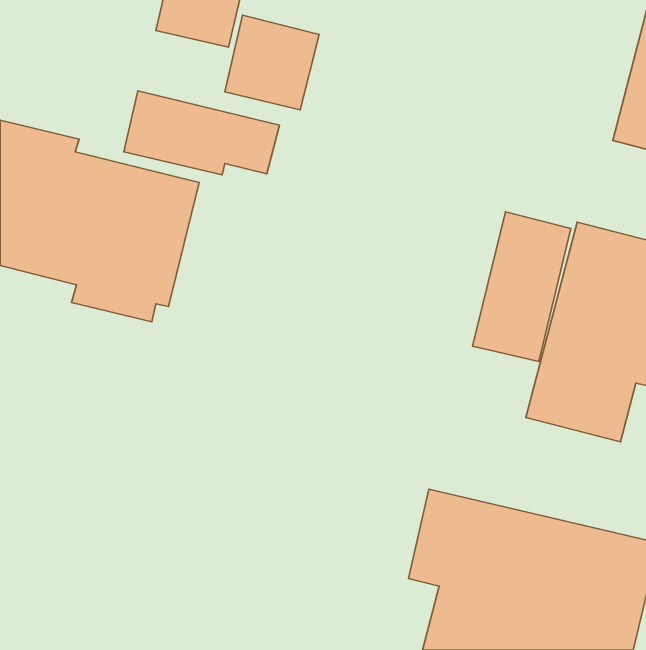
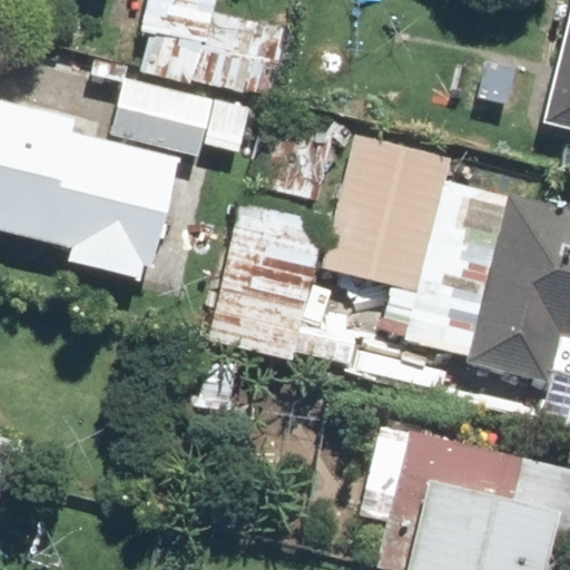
building: none -> [324,136,445,288]
building: none -> [210,202,323,356]

